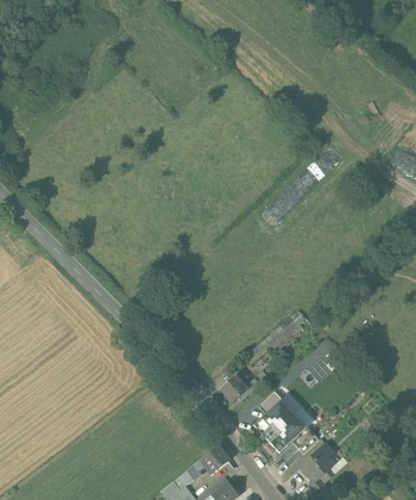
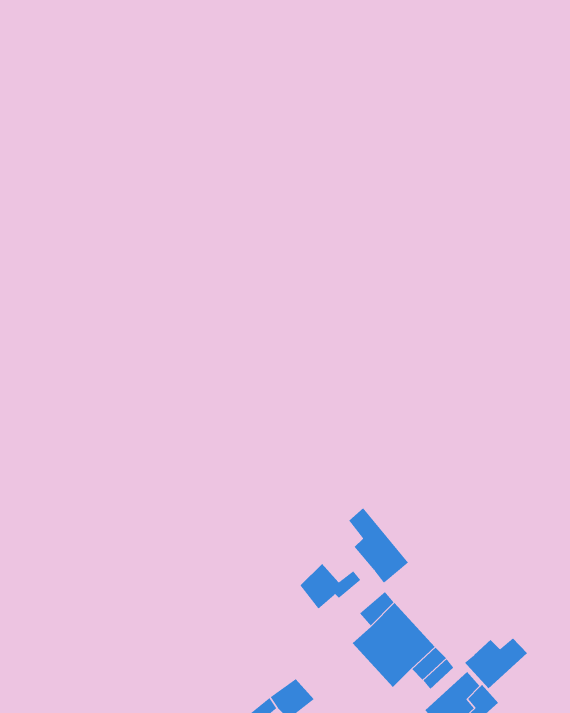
building: none -> [348,508,409,583]
building: none -> [464,638,528,689]

